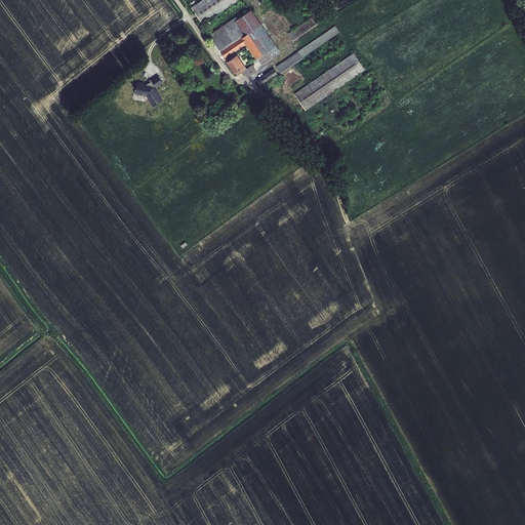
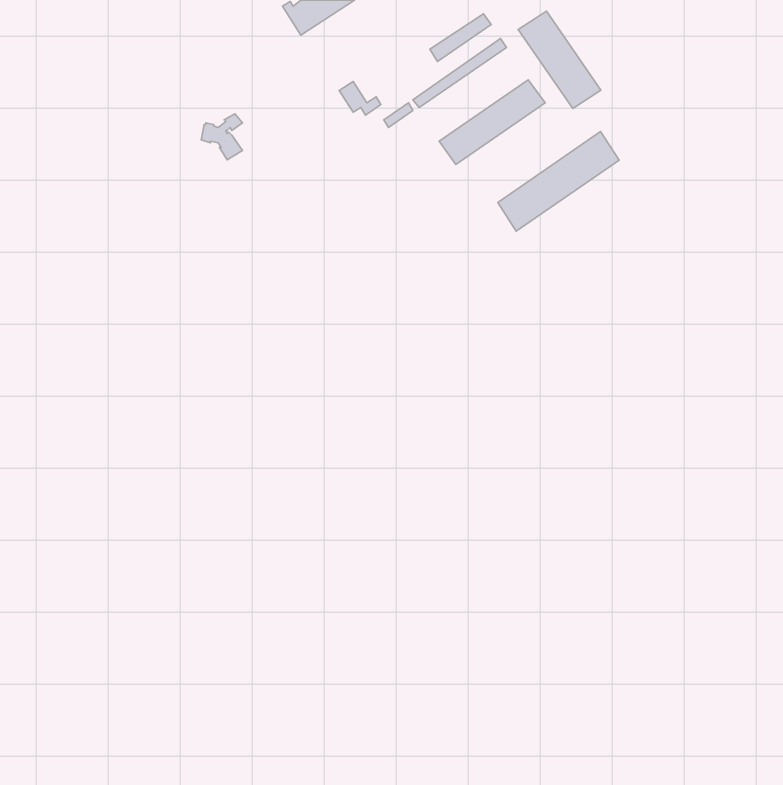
building: none -> [518,11,601,109]
building: [209,9,279,65] -> none
building: none -> [498,132,619,231]

